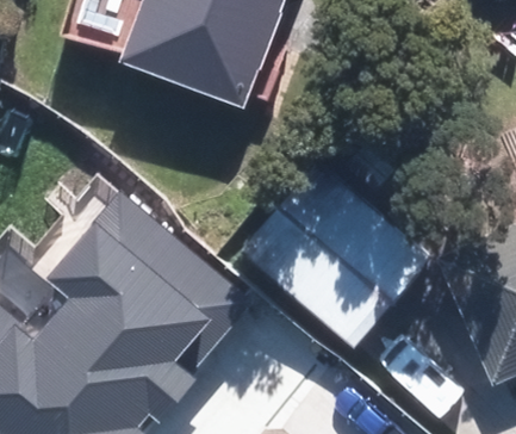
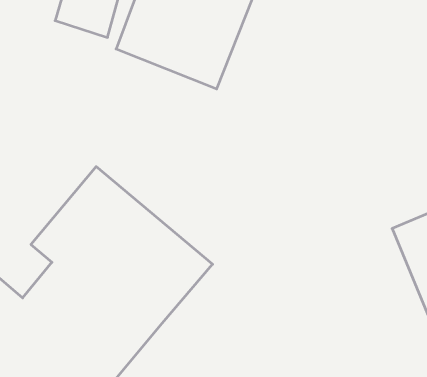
building: [241,165,422,343] -> none

